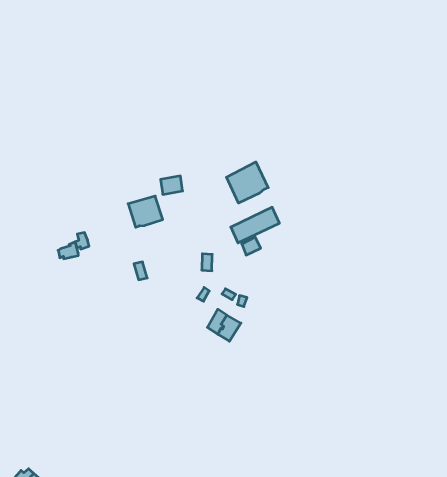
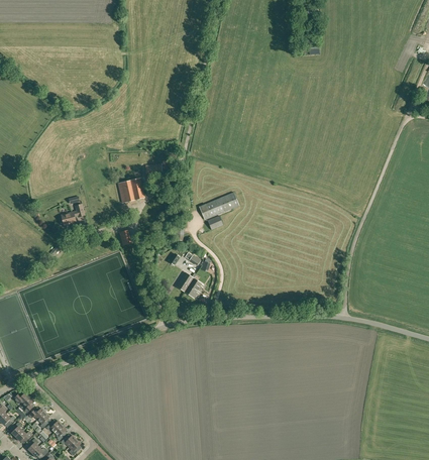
building: [226,162,268,203] -> none

